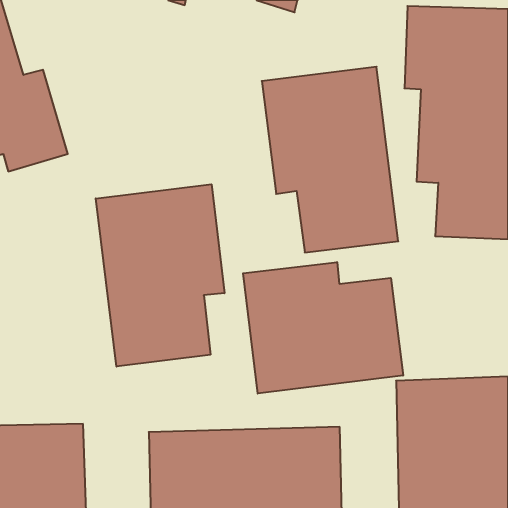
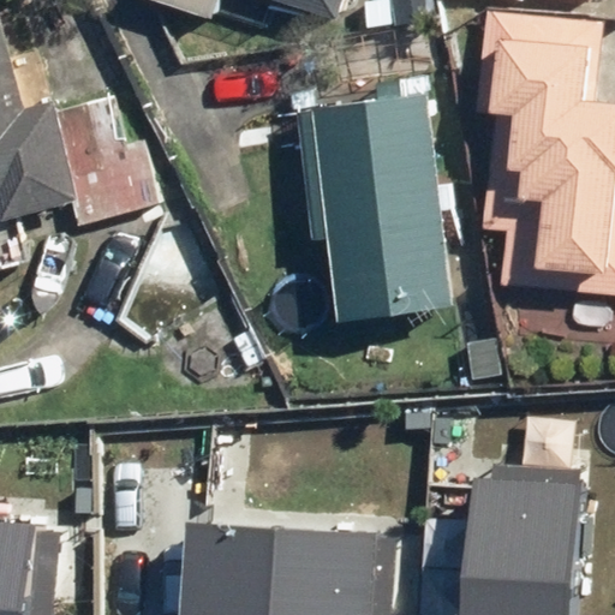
building: [96,184,224,367] -> none
building: [243,262,403,394] -> none

